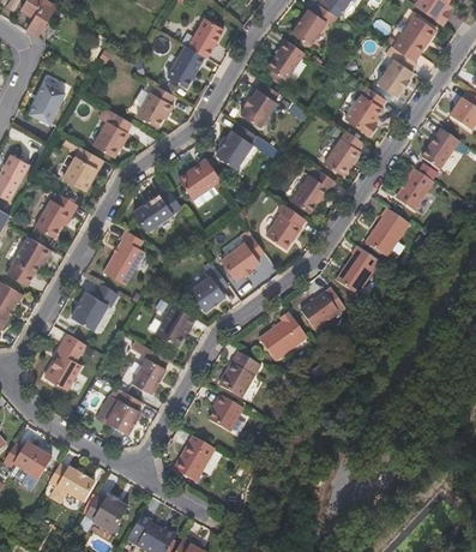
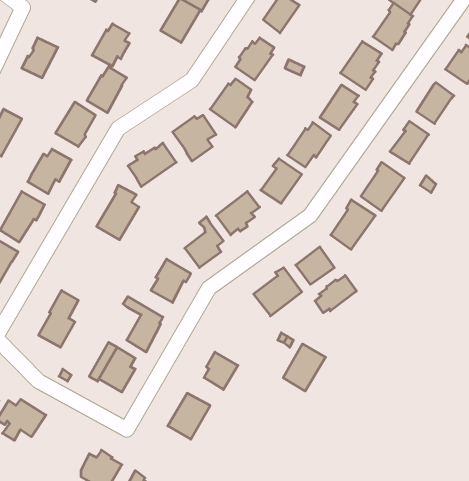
building: [135,85,173,127] -> [92,24,129,66]
building: [71,283,118,331] -> none
building: none -> [315,275,356,313]
building: [218,353,260,400] -> [283,344,326,391]
building: [48,464,94,504] -> none

